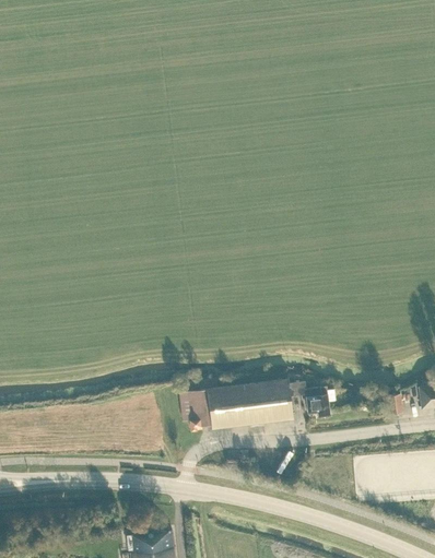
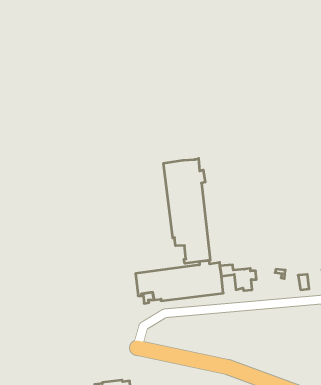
building: none -> [164,158,210,263]

